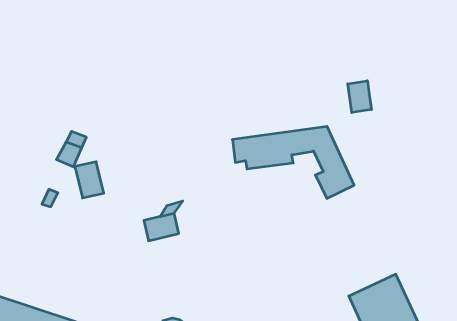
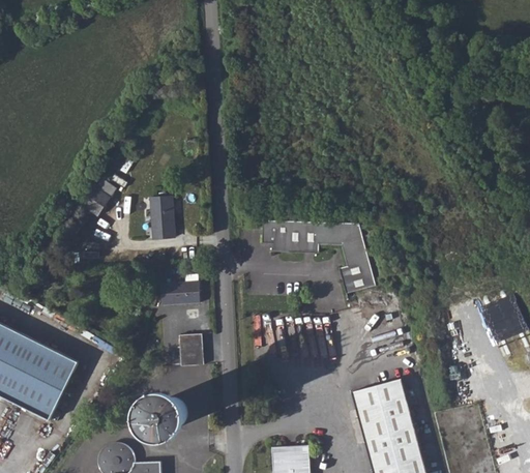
building: [348,81,371,113] -> none
building: [75,162,104,198] -> [152,197,176,230]
building: none -> [179,336,199,365]

